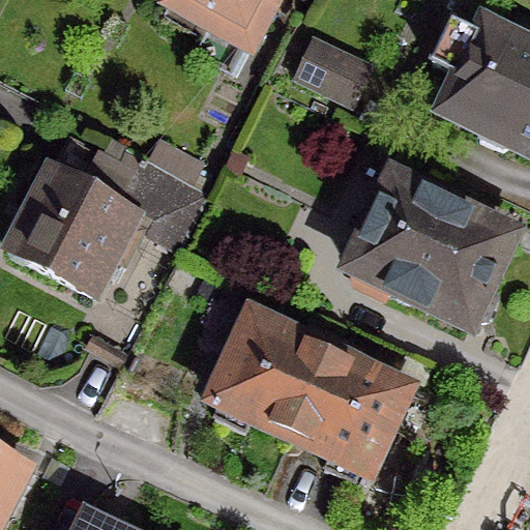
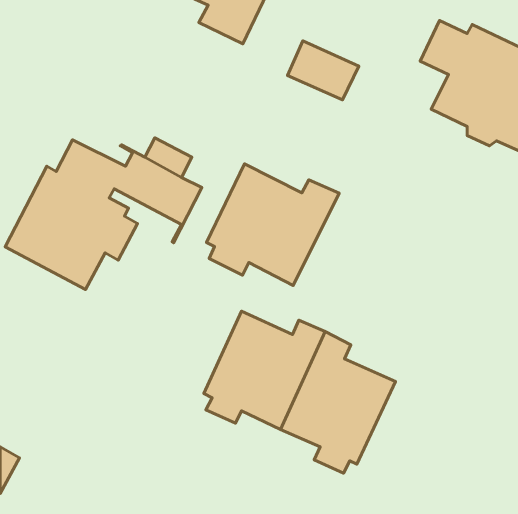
building: none -> [207,164,339,285]
building: [348,179,508,325] -> none

